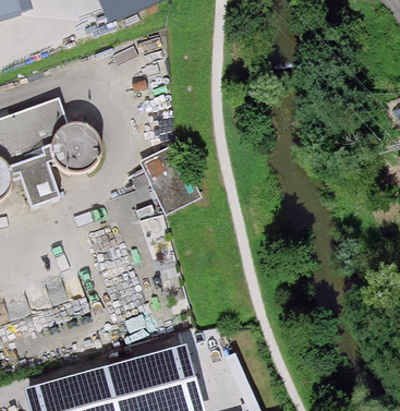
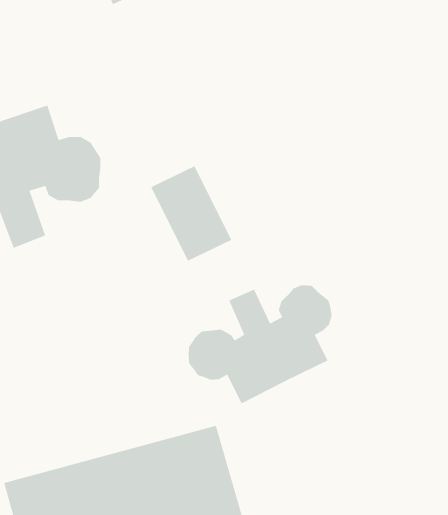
building: none -> [188,284,333,405]

